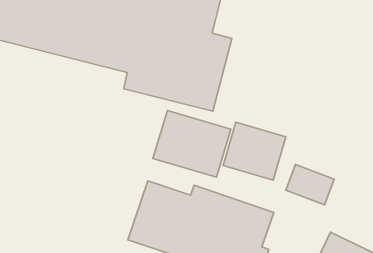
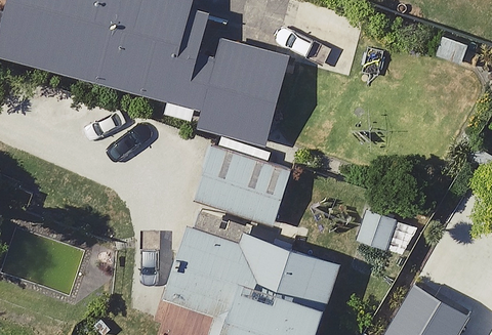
building: [223,122,286,180] -> none

